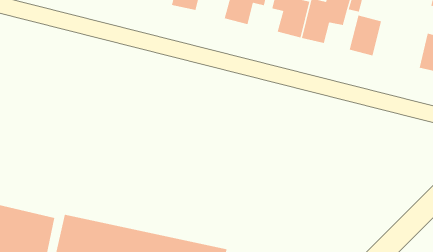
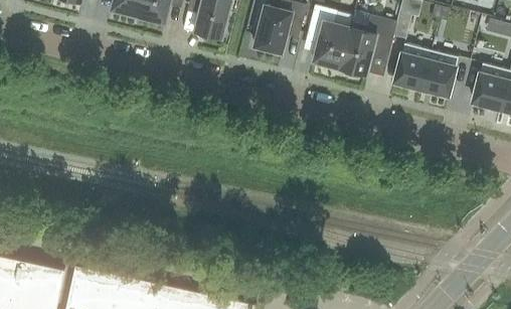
building: none -> [420,49,458,95]

